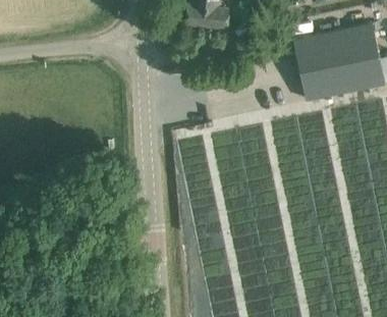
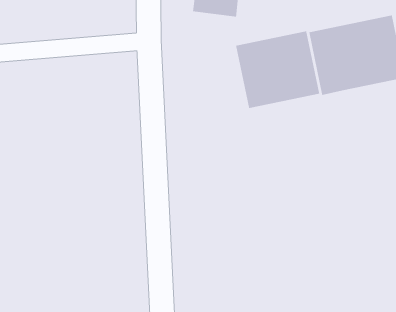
building: none -> [236,30,320,109]

